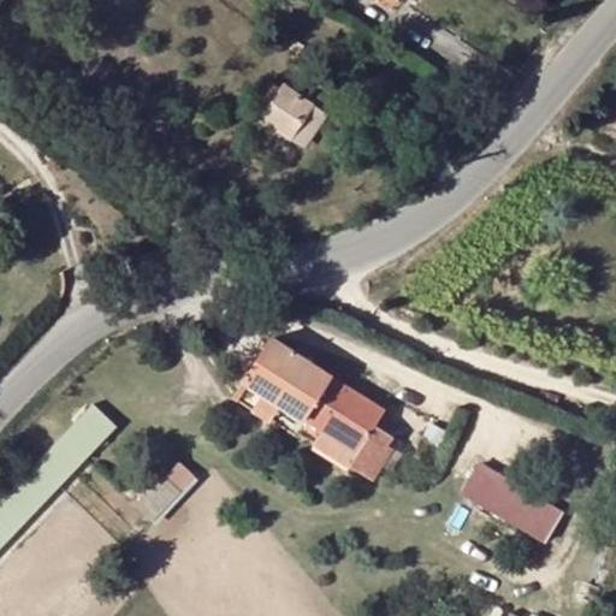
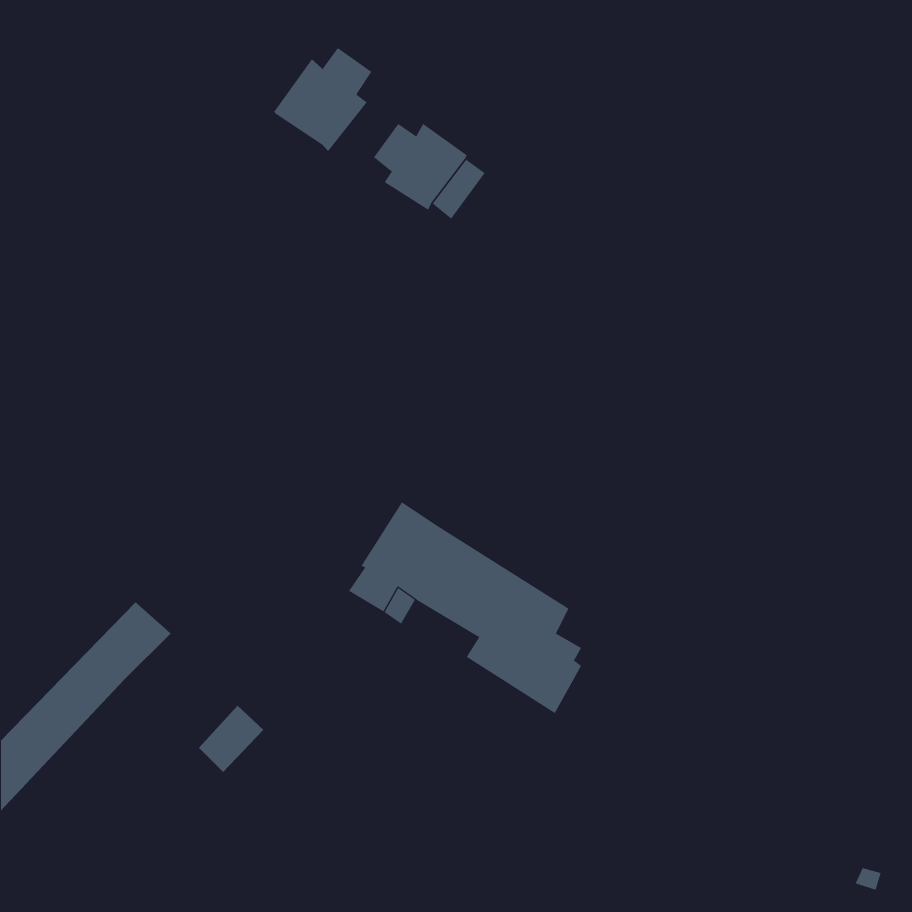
building: none -> [273,47,372,152]
building: [460,463,559,540] -> none

